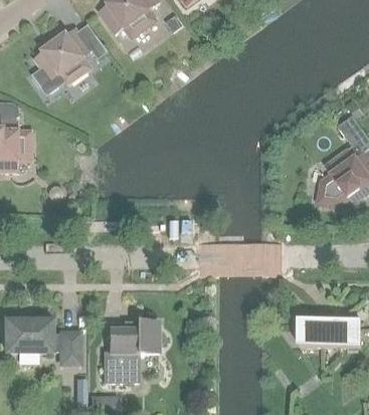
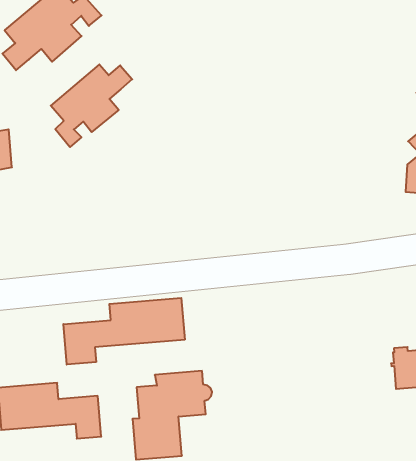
building: none -> [51,64,132,147]
building: none -> [63,298,185,365]

